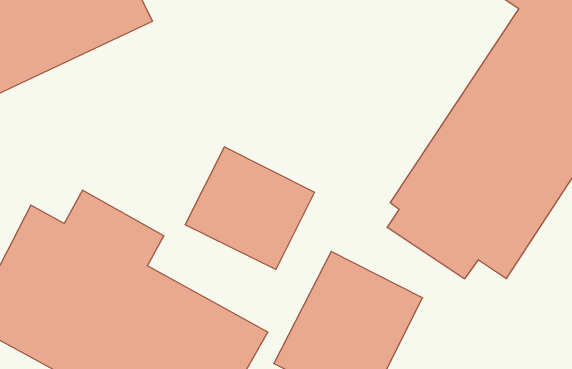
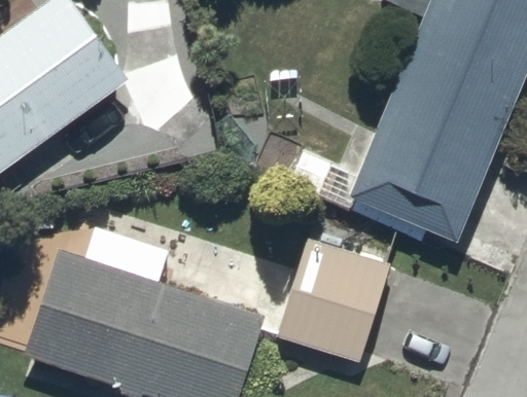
building: [185,147,314,270] -> none

